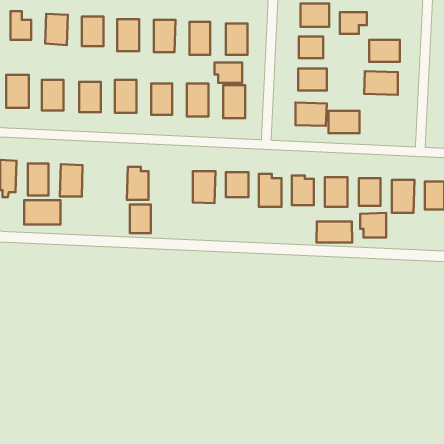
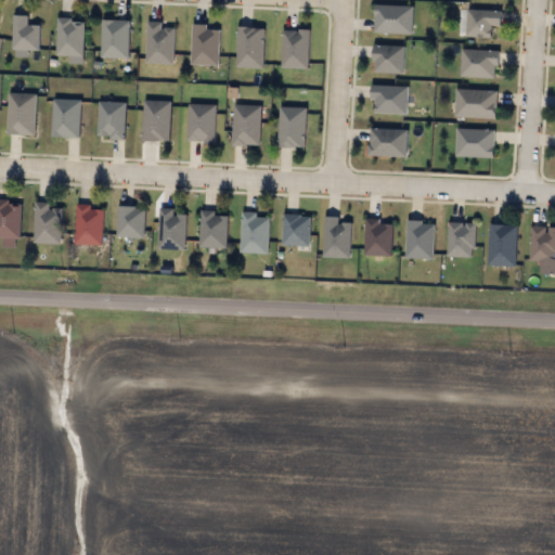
building: [340,12,367,34] -> [467,10,501,37]
building: [214,63,242,83] -> none
building: [328,111,360,133] -> [455,129,494,157]
building: none -> [117,206,145,237]
building: [24,200,60,224] -> none
building: [130,205,151,233] -> [201,212,227,248]
building: [360,213,386,238] -> none
building: [316,222,352,243] -> none

